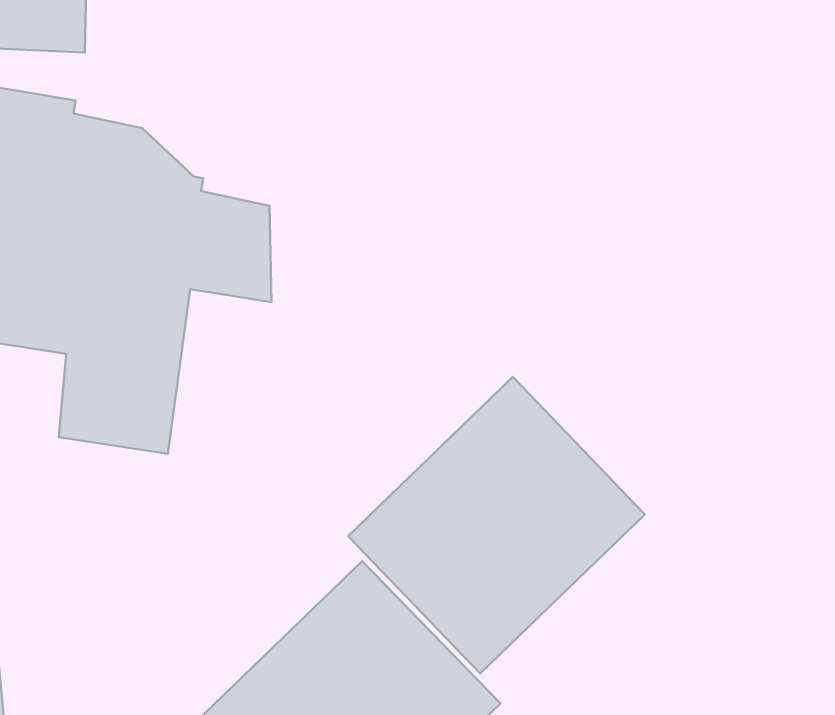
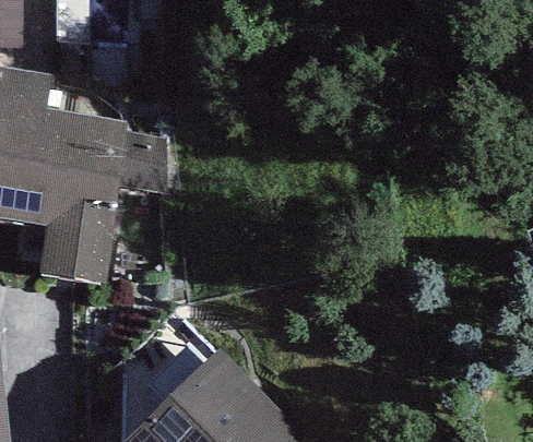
building: [348,377,645,674] -> none

